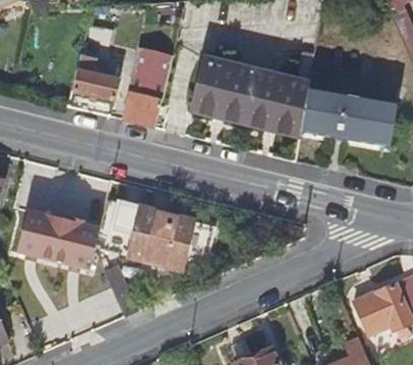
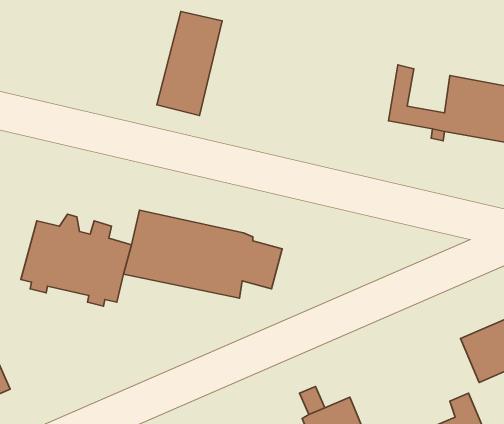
building: [73,46,119,100] -> none
building: [190,53,314,136] -> none
building: [315,92,348,126] -> none

